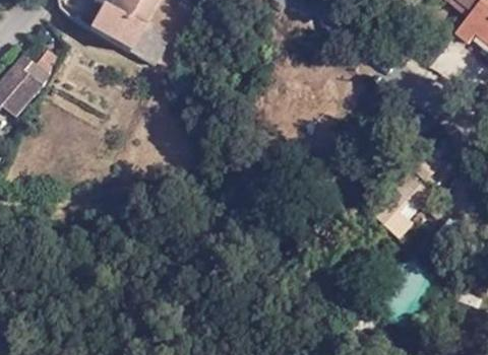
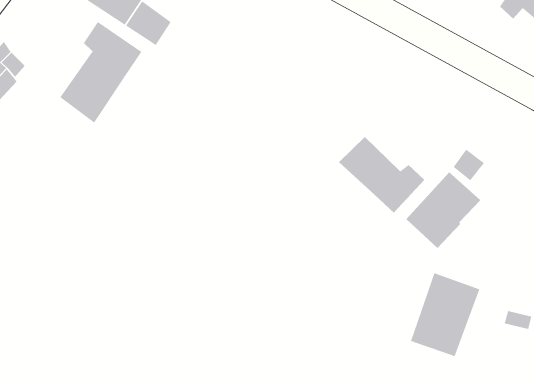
building: none -> [59,21,142,124]
building: none -> [338,136,425,214]

